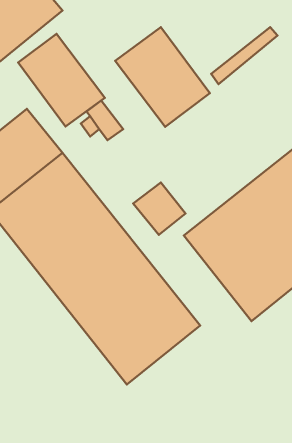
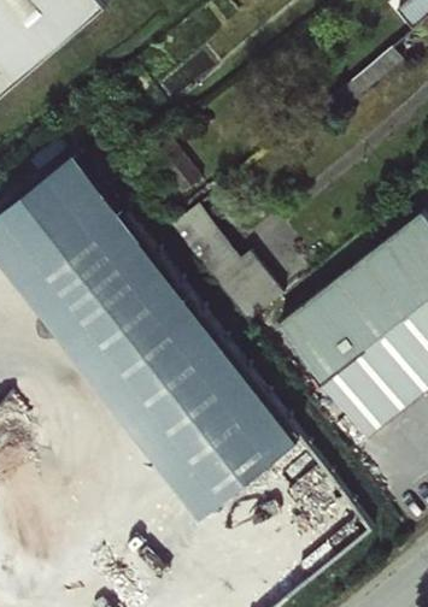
building: [115,27,210,127] -> none
building: [18,34,105,126] -> none

